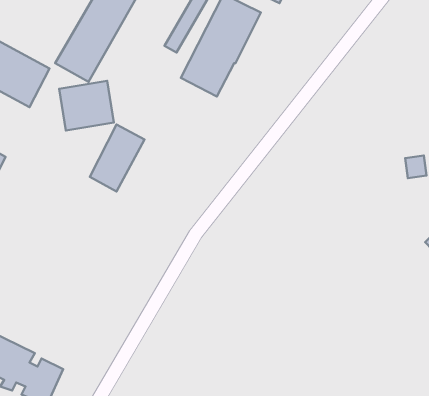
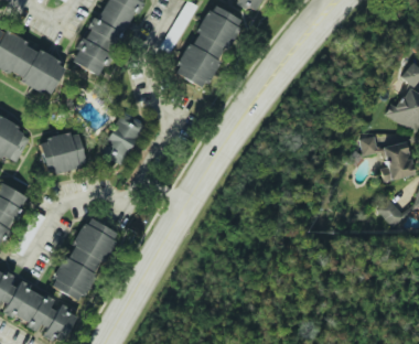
building: [59,81,114,130] -> [40,132,85,173]
building: none -> [51,217,118,303]

